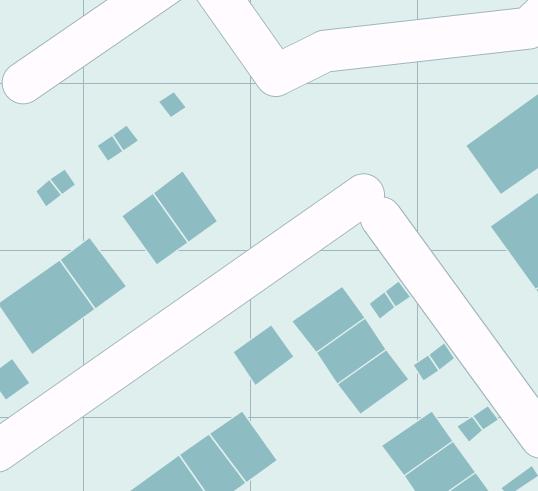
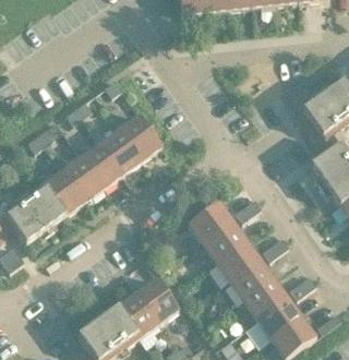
building: none -> [119,115,161,160]
building: none -> [61,157,103,201]
building: [233,324,294,386] -> none
building: none -> [229,259,274,300]

